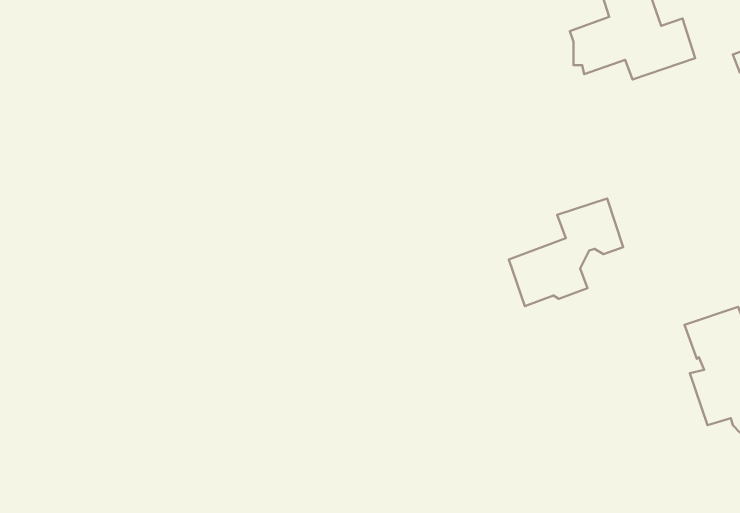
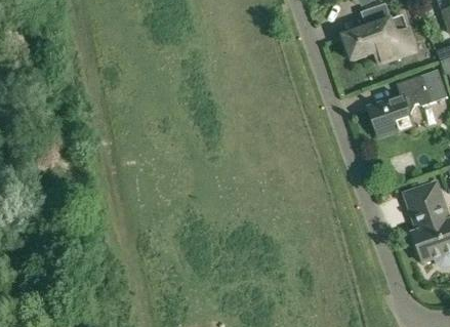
building: [509,199,623,306] -> [368,73,434,134]

